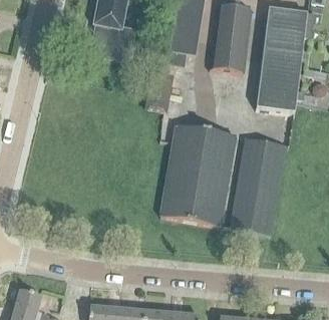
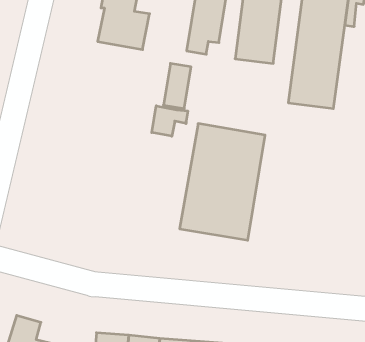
building: none -> [152,106,188,136]
building: [229,134,286,233] -> none

